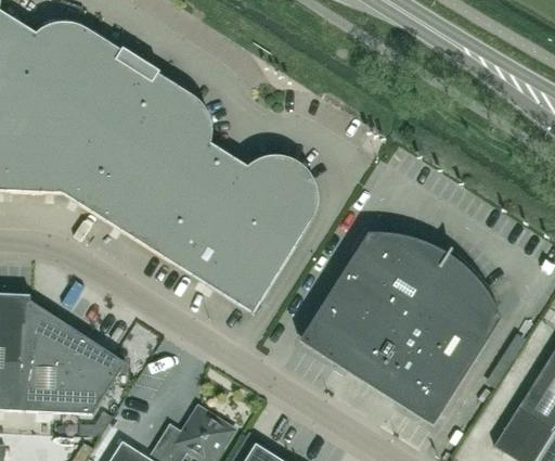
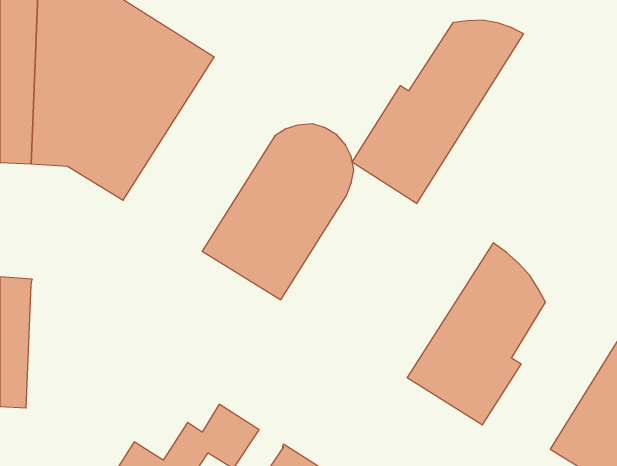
building: none -> [352,20,523,204]
building: [112,94,247,268] -> none
building: [299,241,442,381] -> none
building: [25,298,125,411] -> none

